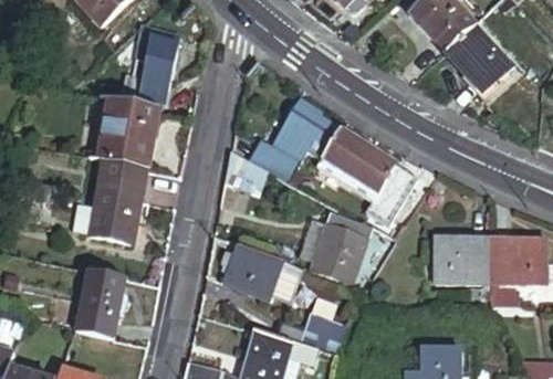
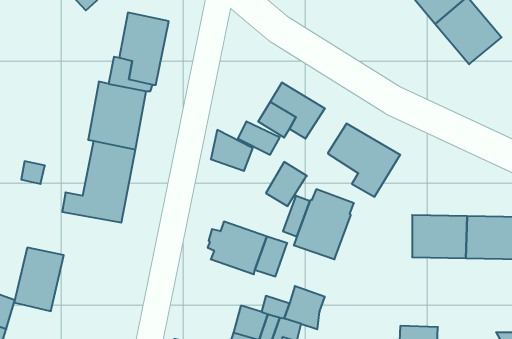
building: [322,130,364,176] -> [266,162,307,206]
building: [74,275,125,340] -> [14,248,64,311]

